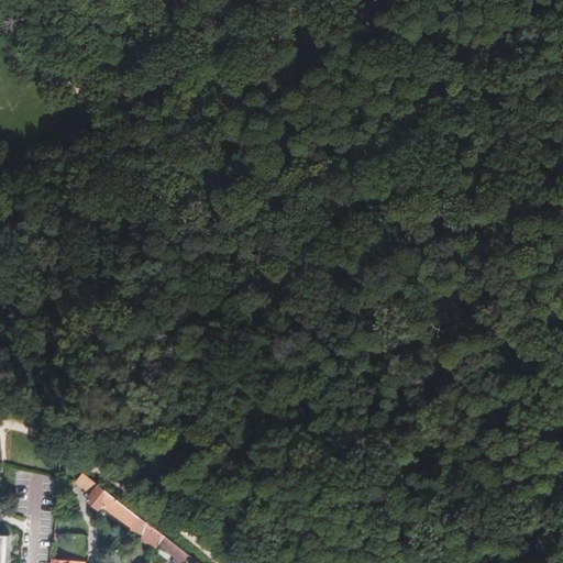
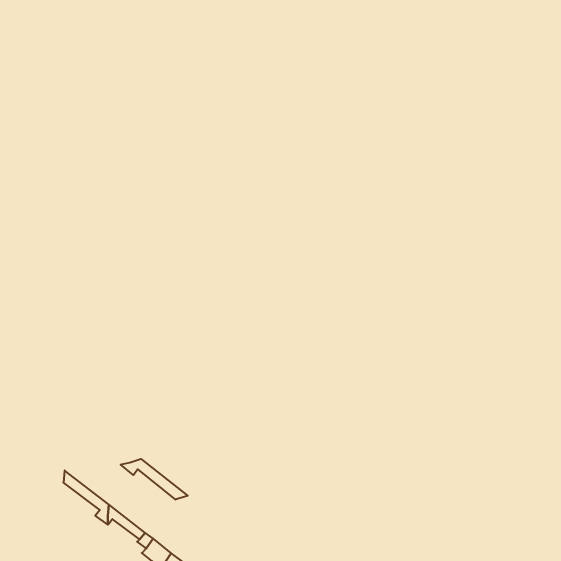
building: none -> [121,459,188,500]

